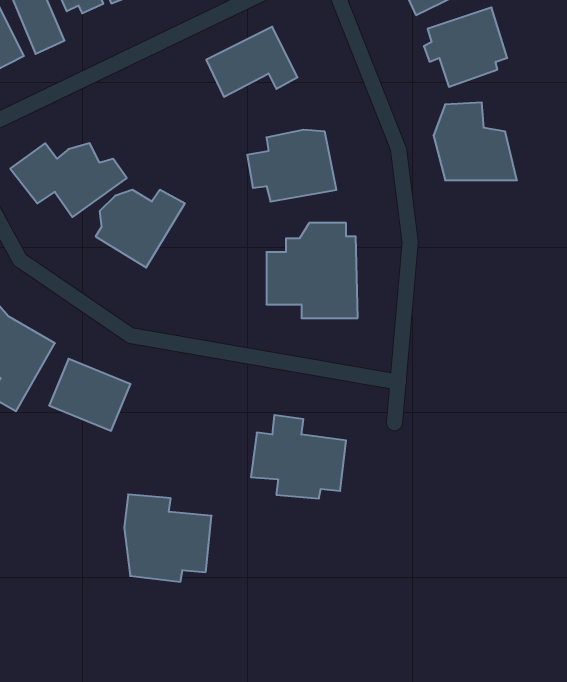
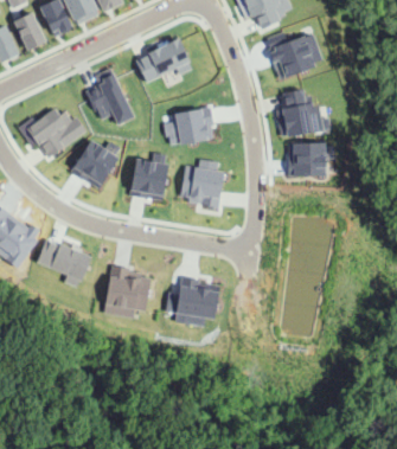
building: none -> [87,71,132,126]
building: none -> [283,140,328,184]
building: none -> [128,153,169,199]
building: [124,494,212,582] -> [102,267,155,320]

